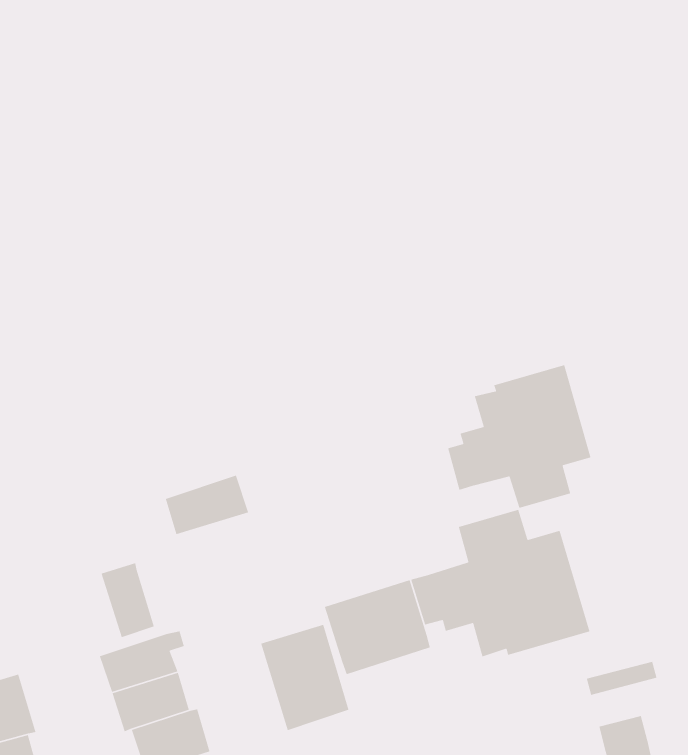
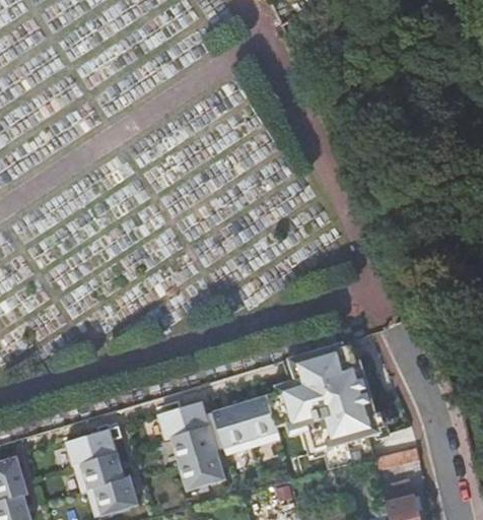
building: [447,364,591,509] -> none
building: [165,475,249,535] -> [156,399,210,438]
building: [100,562,155,638] -> none

